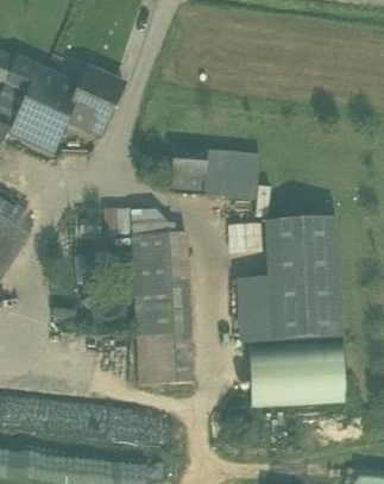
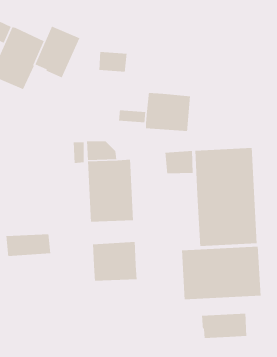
building: [171,147,207,174] -> [98,51,127,72]
building: [238,276,270,341] -> none
building: [136,308,191,337] -> [6,234,51,257]
building: none -> [201,313,247,339]

